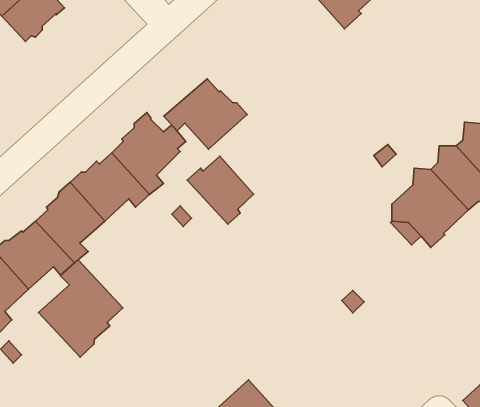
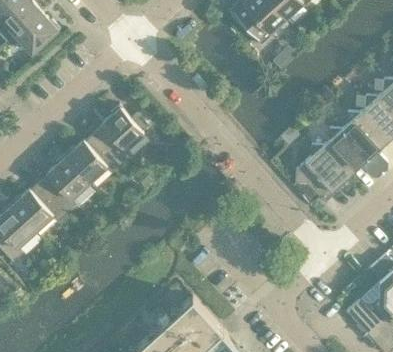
building: [164,79,247,149] -> none
building: [187,156,254,224] -> none
building: [38,260,123,357] -> none

